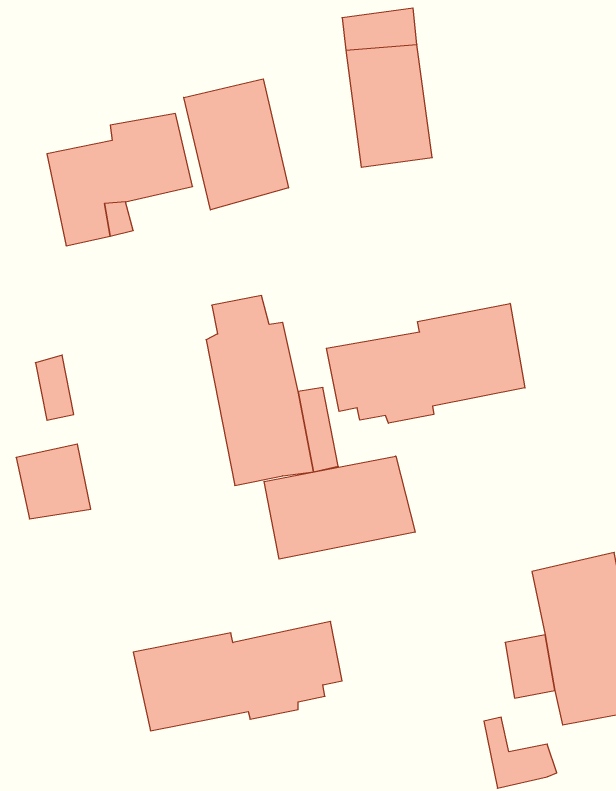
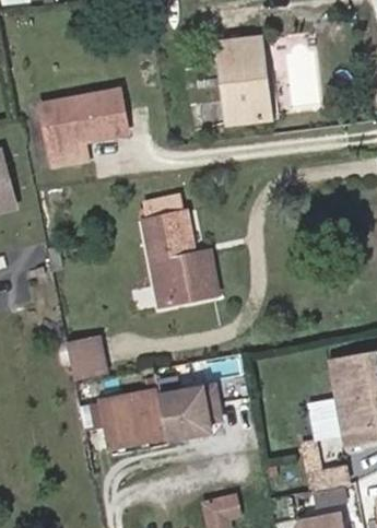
building: [184,79,288,210] -> none
building: [326,303,525,423] -> none
building: [16,444,91,519] -> [66,330,108,373]
building: [264,456,415,559] -> none

